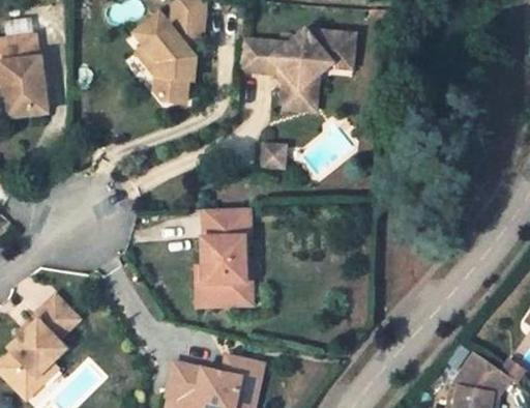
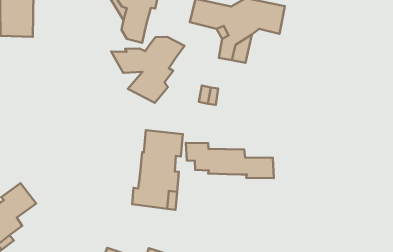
building: none -> [111,37,185,103]
building: none -> [186,143,274,178]

